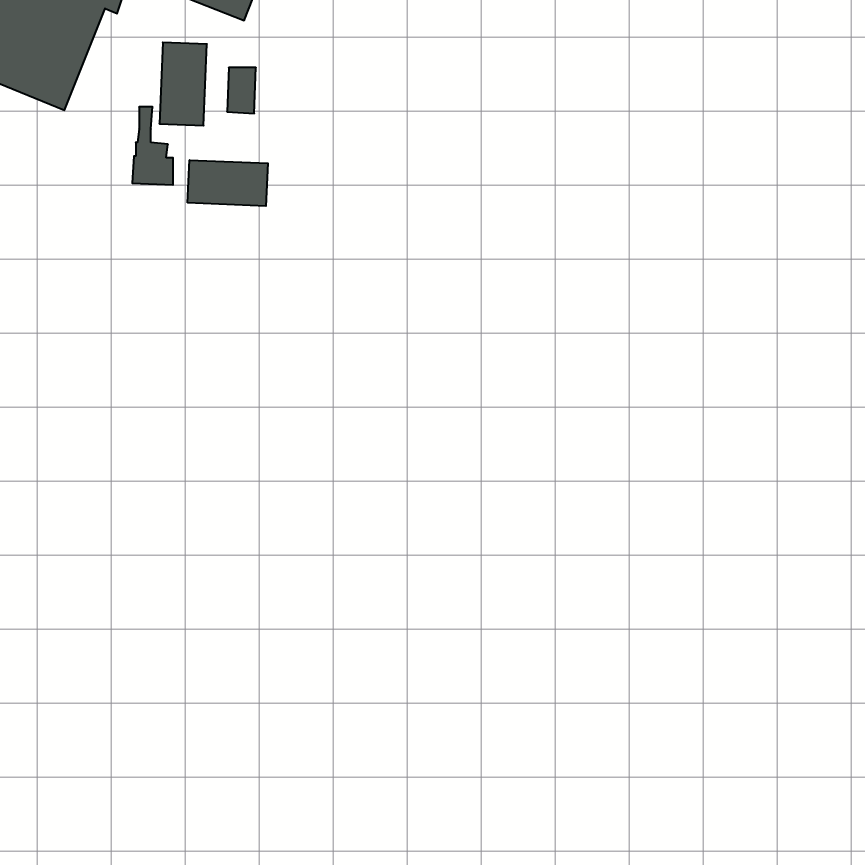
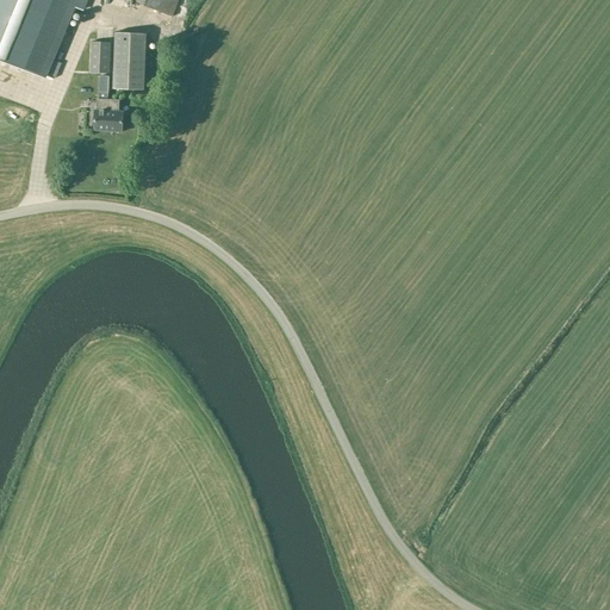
building: [227,68,256,113] -> [89,41,110,73]
building: [188,160,268,206] -> none

